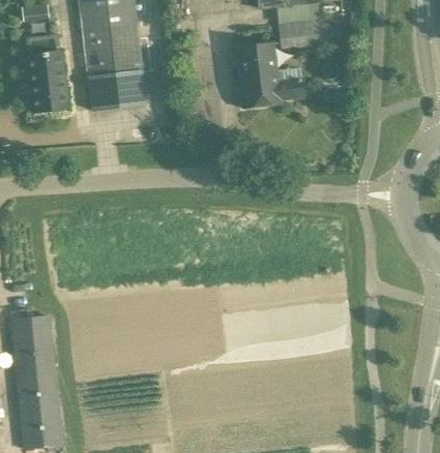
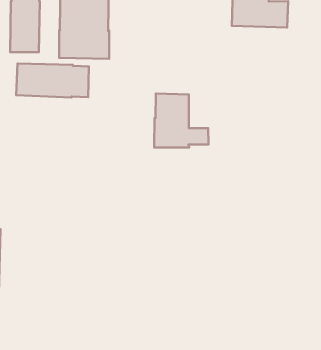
building: [236,41,303,107] -> [154,94,209,147]
building: none -> [16,63,89,97]

